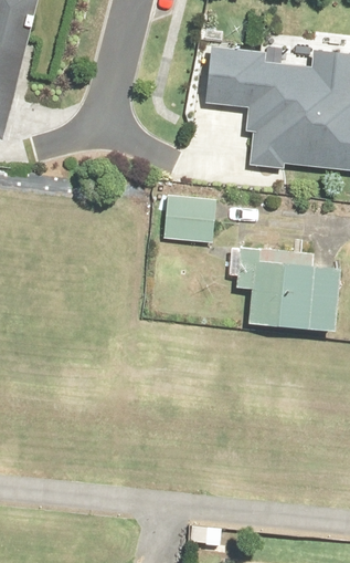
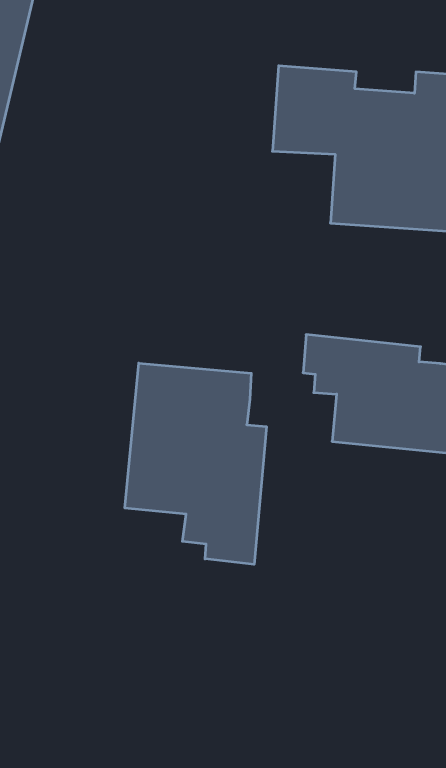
building: [166,199,218,244] -> none
building: none -> [125,363,266,564]

